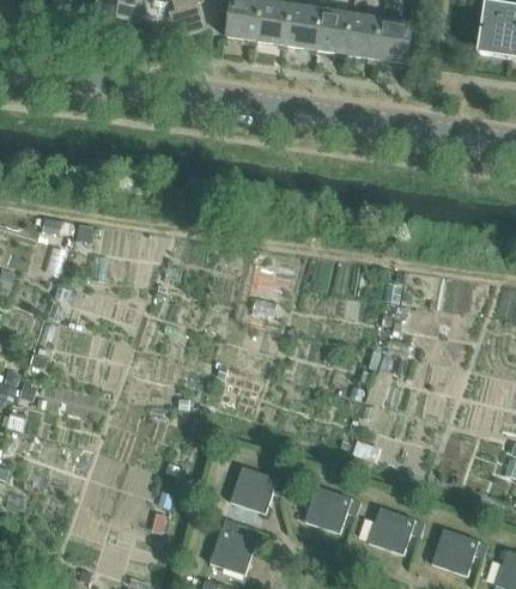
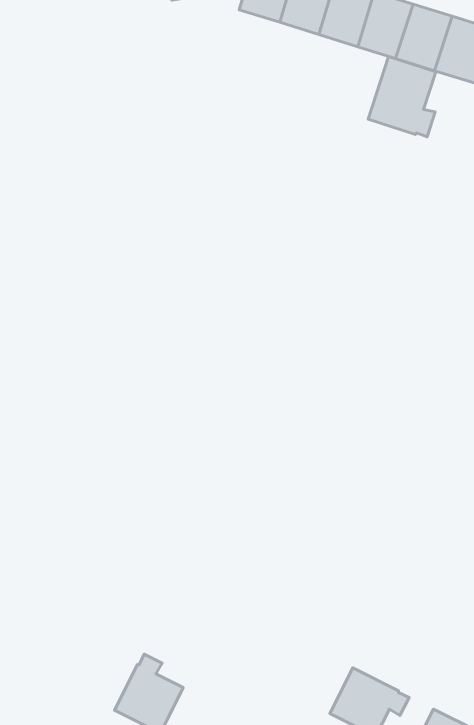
building: none -> [368,56,436,137]
building: [229,464,285,511] -> none
building: [303,484,359,532] -> none

